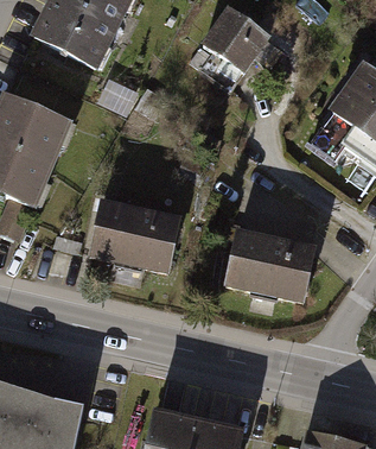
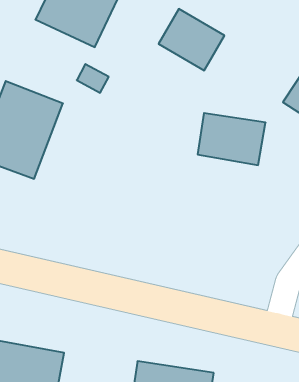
building: [93,200,184,267] -> none
building: [237,232,313,290] -> [198,113,266,165]

